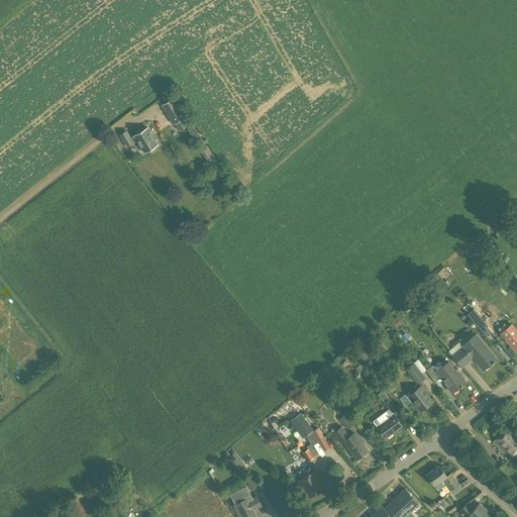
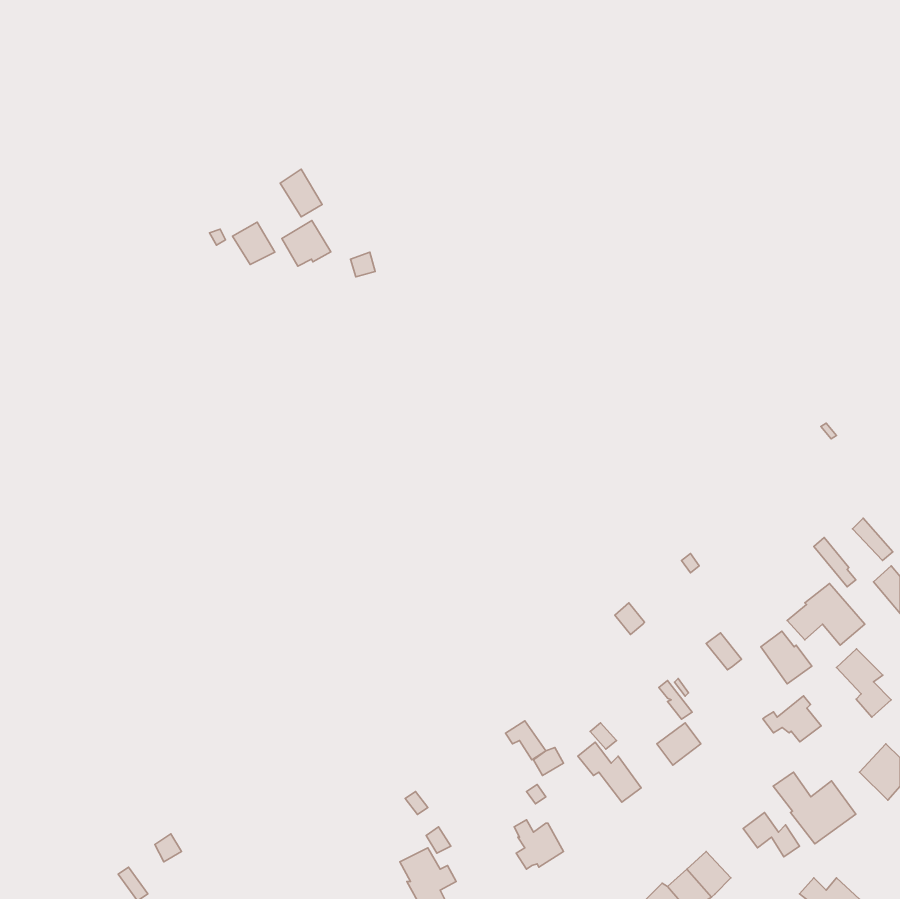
building: none -> [282,220,331,266]
building: none -> [837,649,891,717]
building: [399,386,432,412] -> [763,696,821,742]
building: none -> [773,772,856,844]

